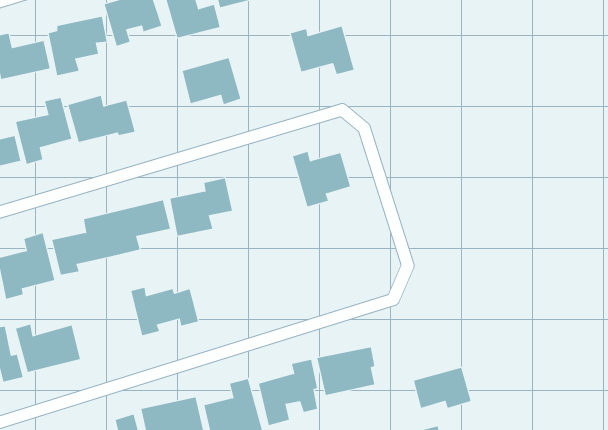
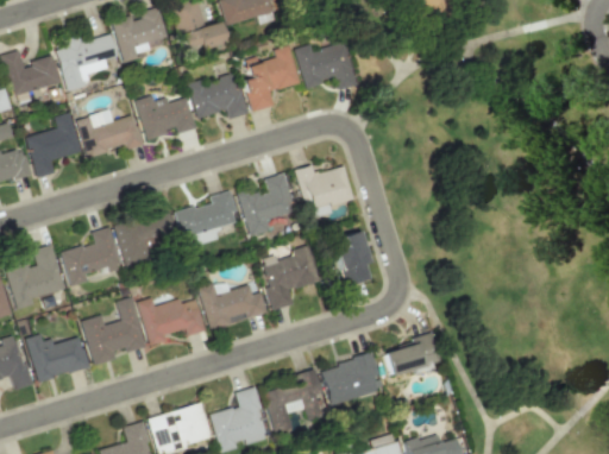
building: none -> [243,45,299,111]
building: none -> [136,94,195,138]
building: none -> [237,172,294,235]
building: none -> [332,231,372,285]
building: none -> [262,248,319,309]
building: none -> [199,279,266,329]
building: none -> [82,296,145,364]
building: [413,367,472,408] -> [384,335,441,376]

